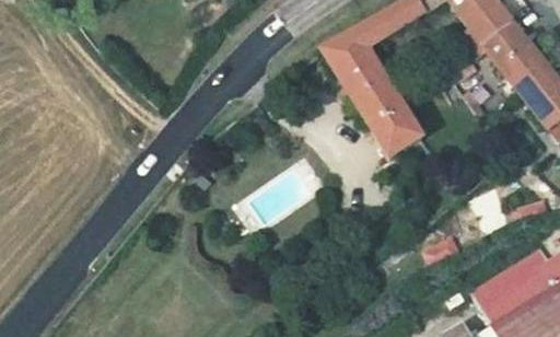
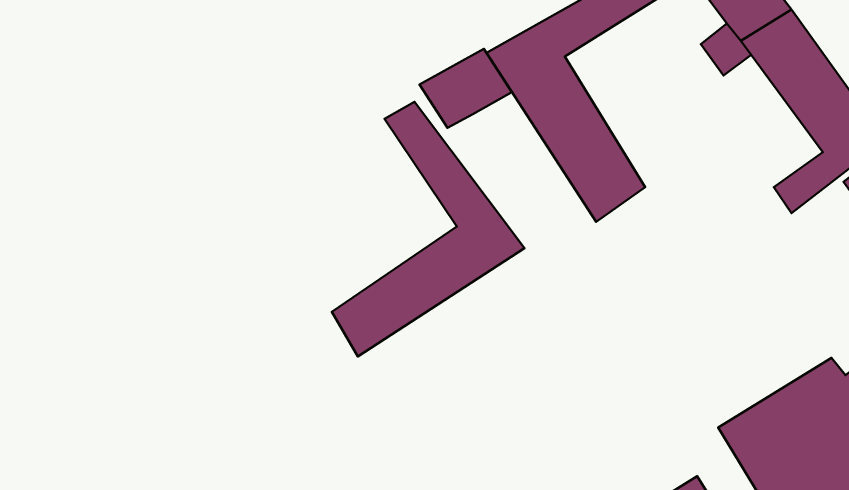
building: none -> [420,49,512,128]
building: none -> [332,102,525,356]

